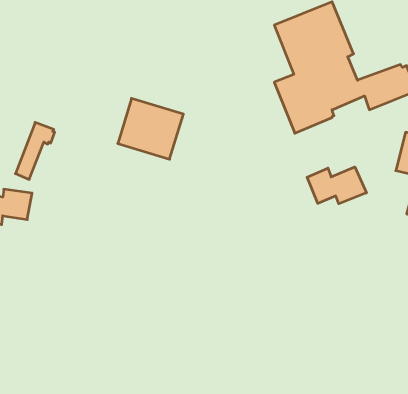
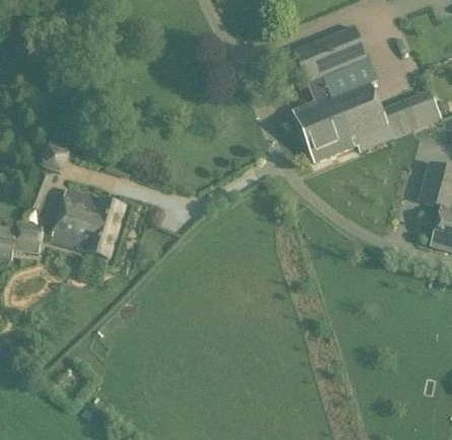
building: [118,98,183,159] -> [53,192,121,255]
building: [307,167,366,204] -> none

